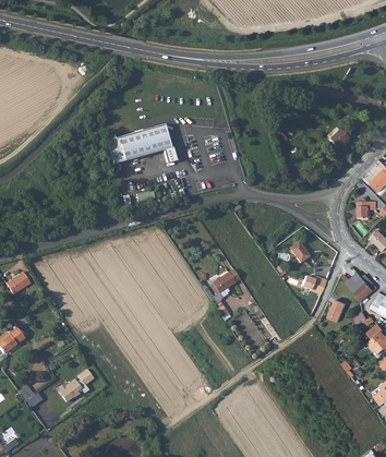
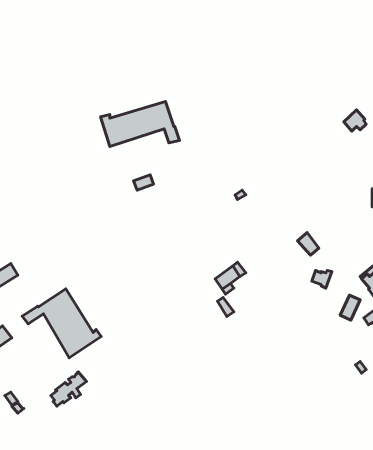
building: none -> [22,289,101,358]

